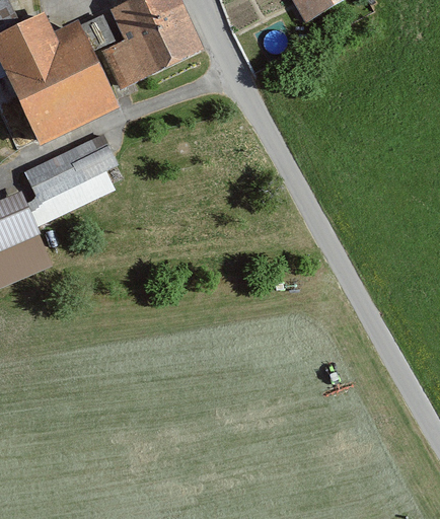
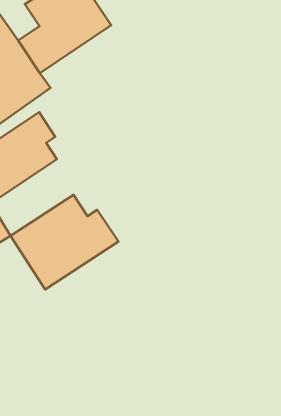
building: none -> [11,195,118,289]

